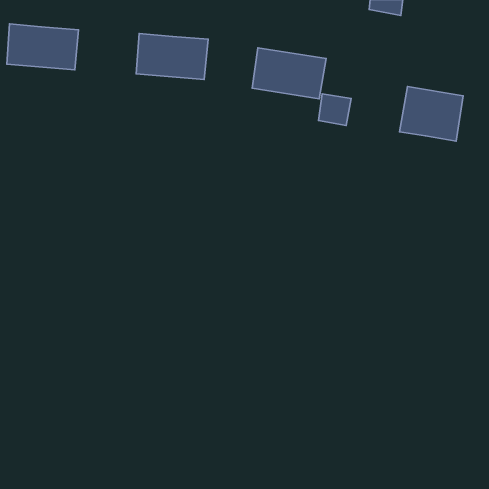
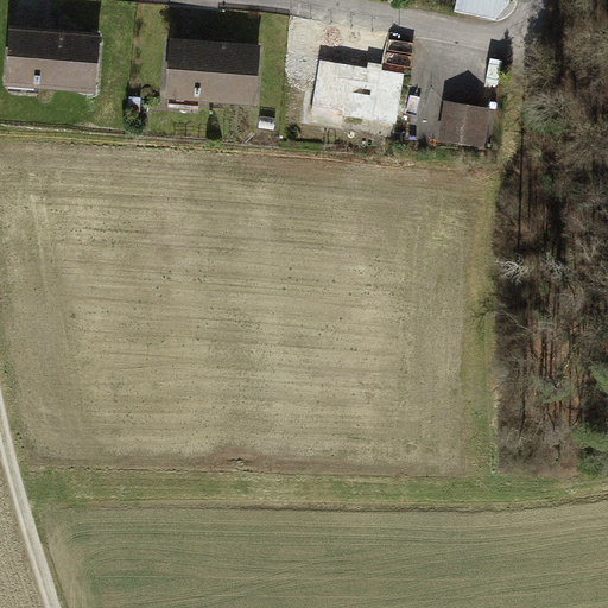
building: [399,87,463,141] -> none
building: [318,94,351,125] -> [444,103,484,142]

